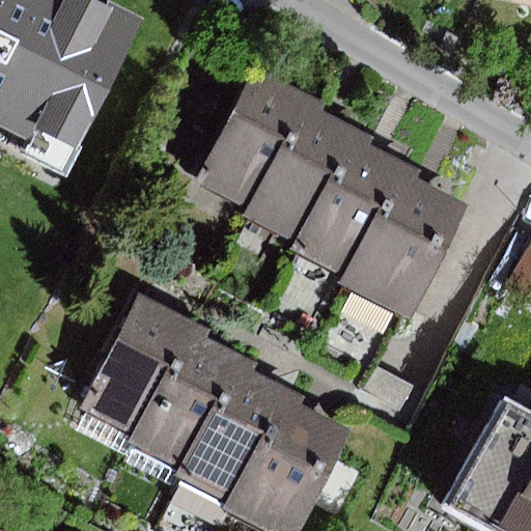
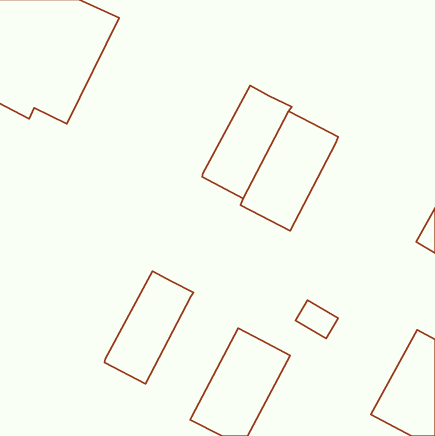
building: [193,67,307,211] -> none
building: [348,173,471,317] -> none
building: [75,292,189,436] -> none
building: [172,360,291,505] -> none

